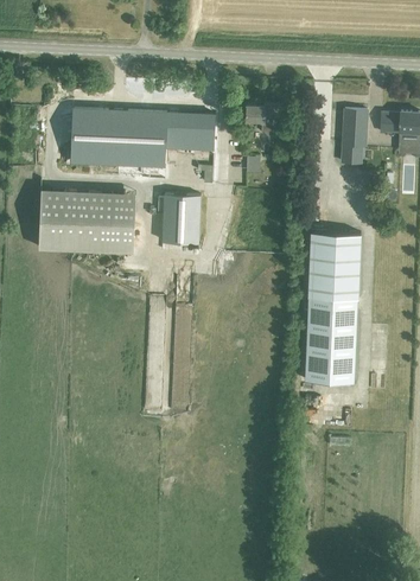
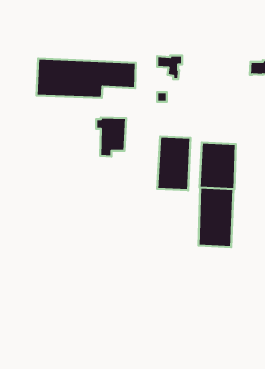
building: [342,109,368,164] -> none
building: [39,190,136,253] -> none
building: none -> [157,136,190,190]

